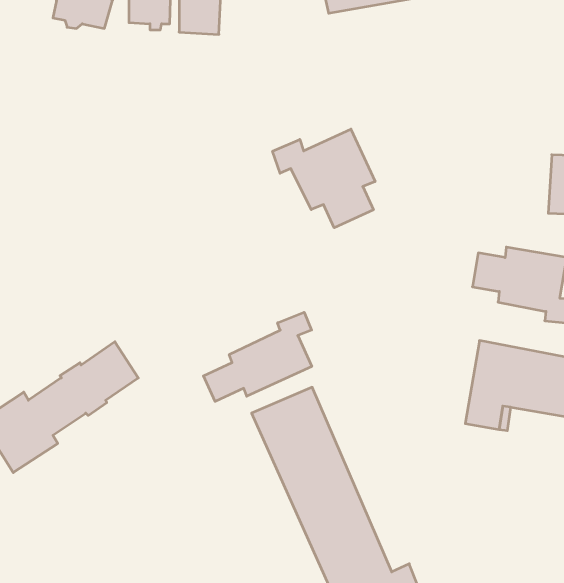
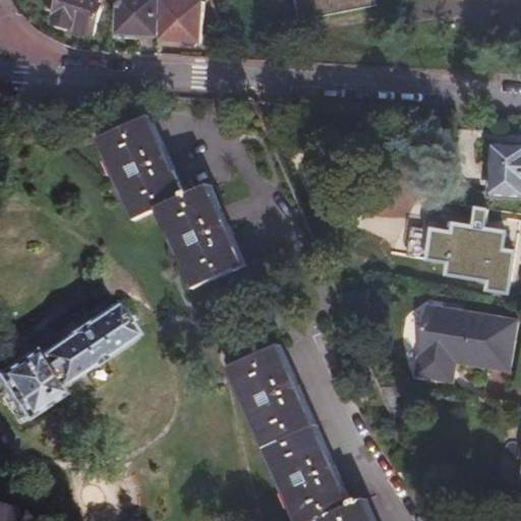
building: none -> [98,115,244,289]
building: [273,129,375,228] -> none
building: [203,312,312,401] -> none

